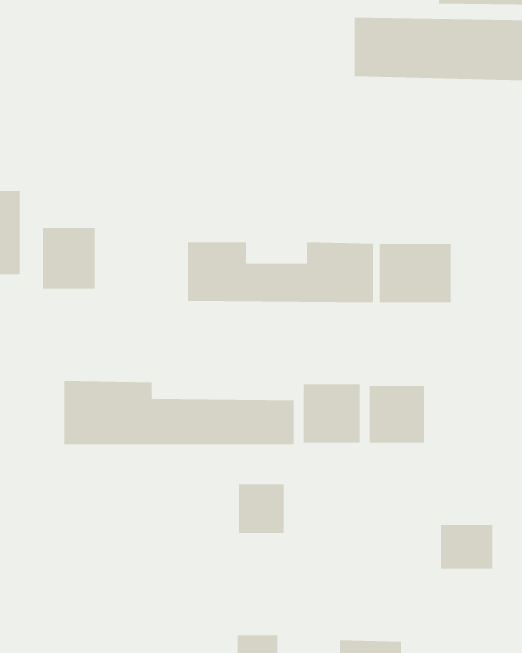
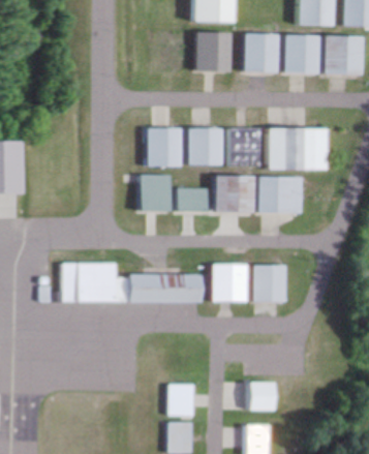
building: none -> [193,33,229,71]
building: none -> [146,128,328,168]
building: [43,227,95,290] -> none
building: [238,484,284,534] -> [168,384,197,415]
building: [440,525,493,569] -> [245,382,278,410]

